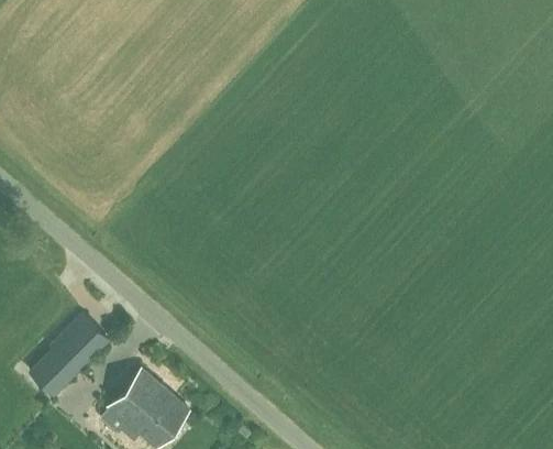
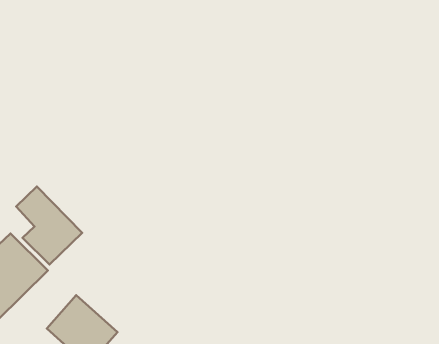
building: none -> [16,187,82,264]

